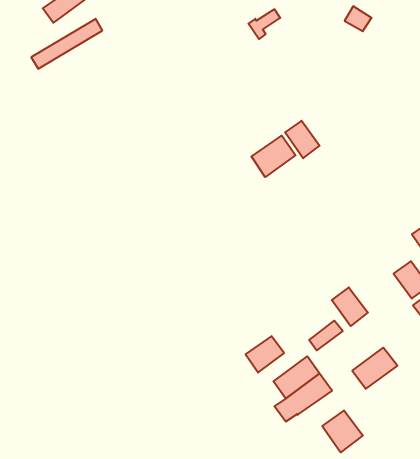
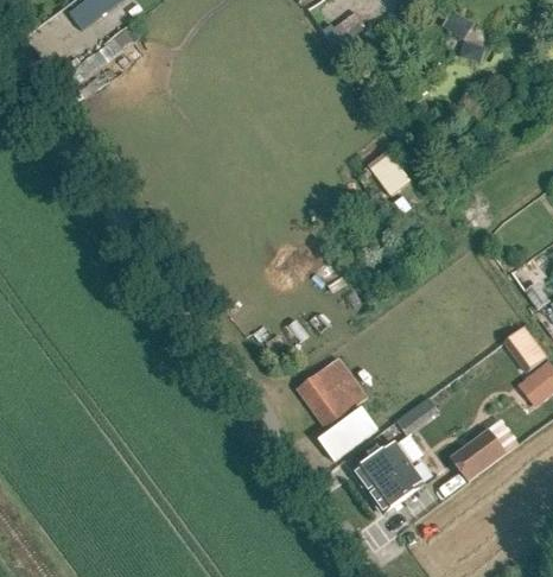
building: [251,136,296,177] -> none
building: [332,287,368,326] -> none
building: none -> [298,357,368,427]
building: [322,410,363,452] -> none

